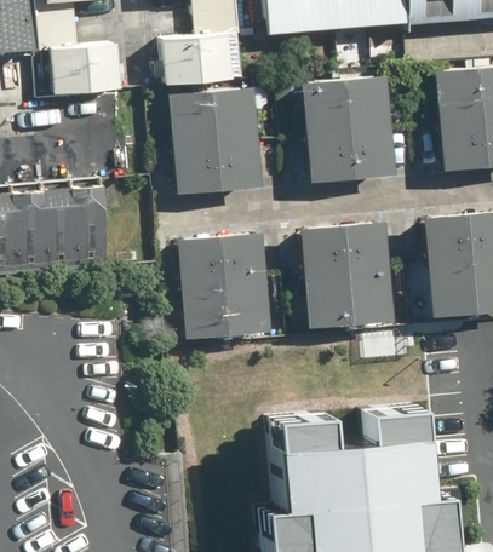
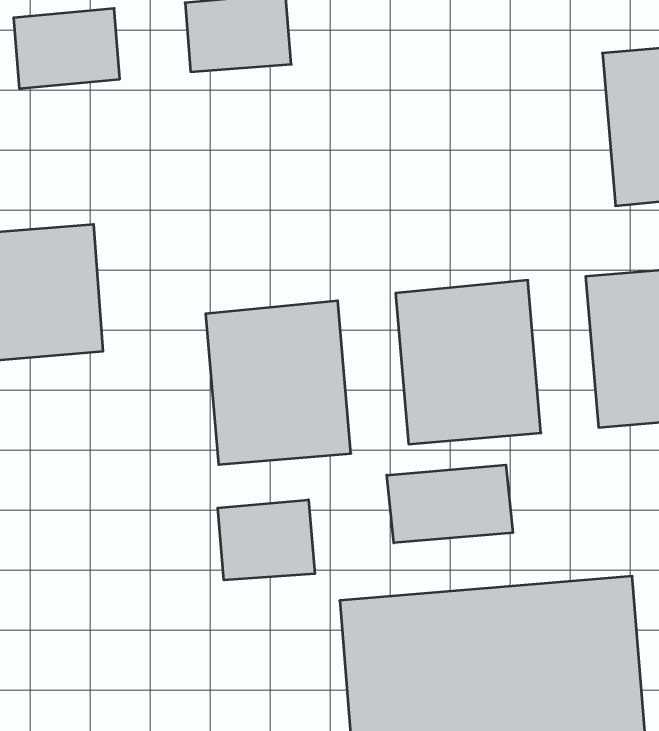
building: [299,75,395,182] -> none
building: [168,86,263,192] -> none
building: none -> [387,465,513,543]
building: none -> [218,500,315,580]

